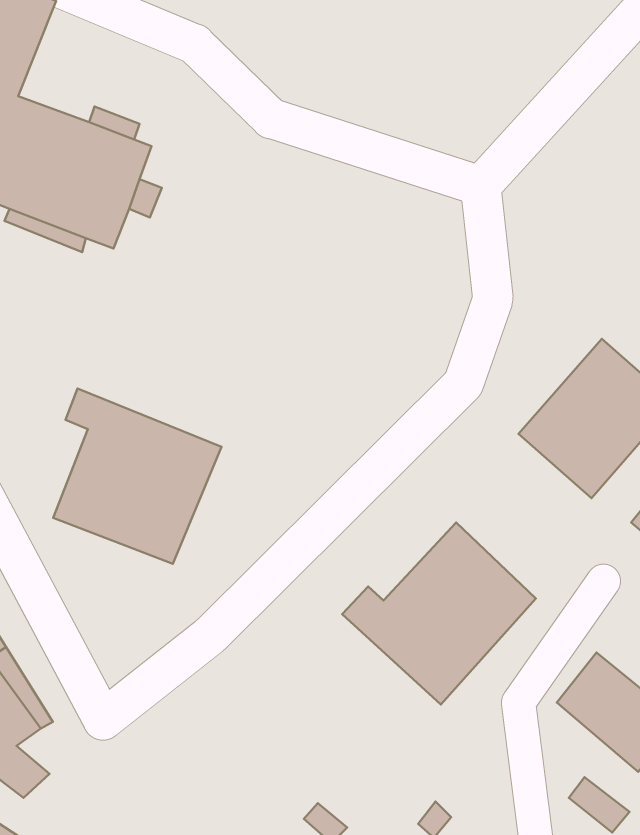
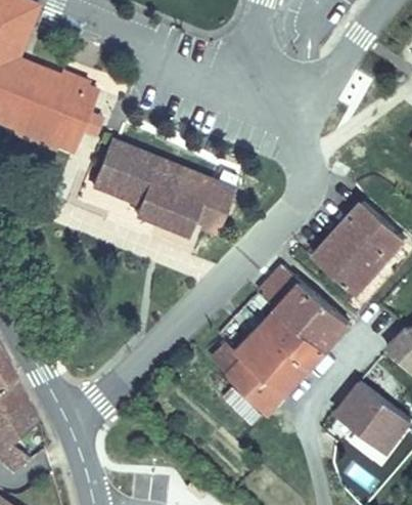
building: none -> [93,136,237,233]
building: [53,388,222,564] -> none
building: none -> [257,270,349,356]

